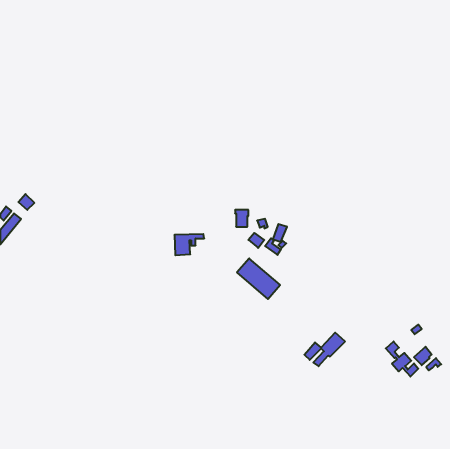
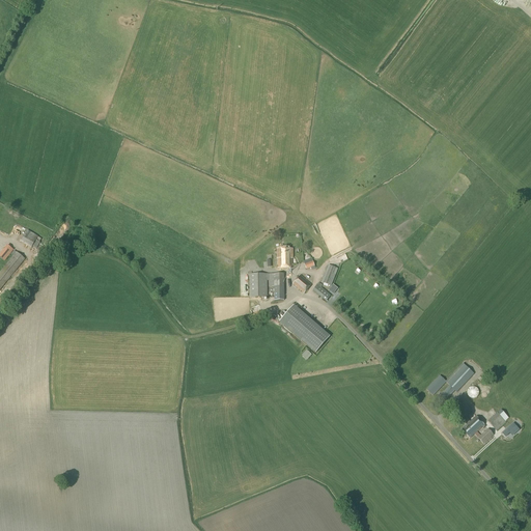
building: [174,234,204,255] -> [249,272,284,297]
building: [304,333,345,366] -> [426,362,474,401]

